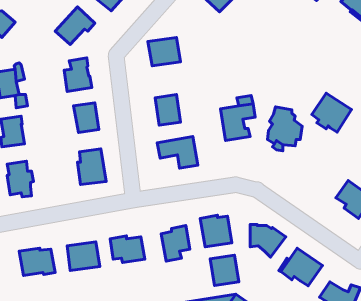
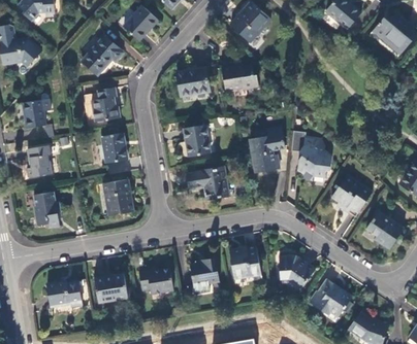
building: none -> [220,61,258,92]
building: [312,93,352,132] -> [331,175,372,214]
building: [210,255,239,286] -> none

